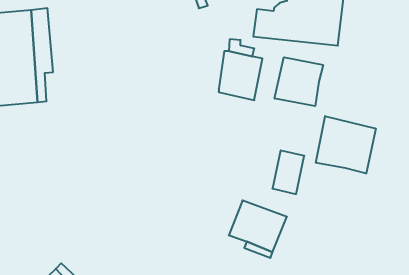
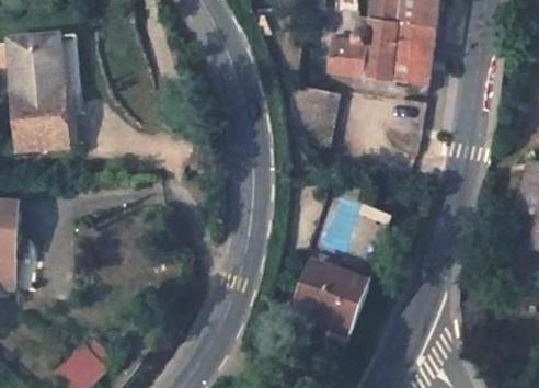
building: [275,57,323,106] -> none
building: [316,116,376,174] -> none

